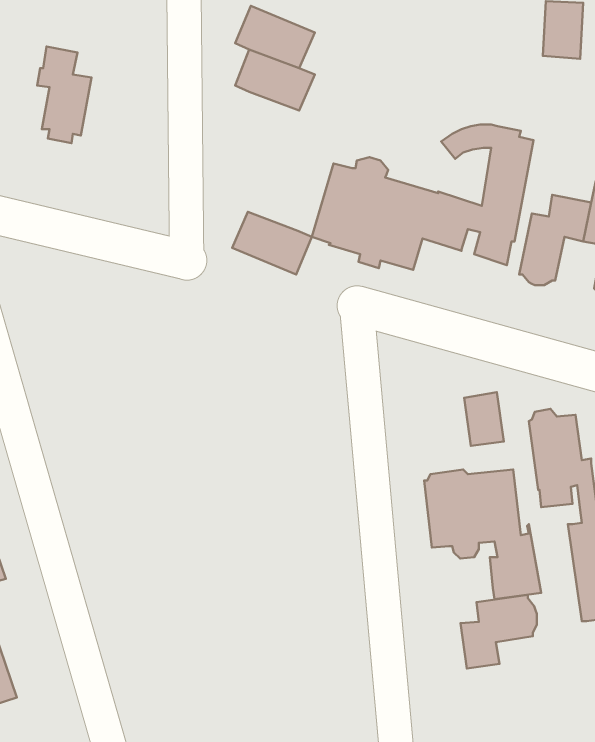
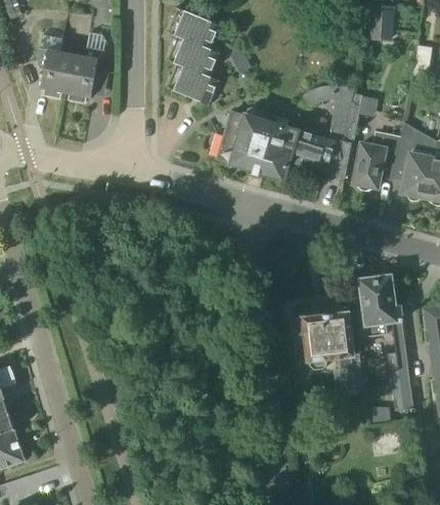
building: none -> [65,45,105,96]
building: [232,212,312,274] -> [166,62,218,103]
building: [464,392,504,446] -> none
building: [460,595,537,668] -> none

